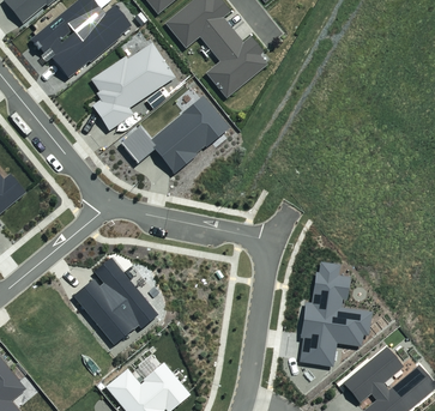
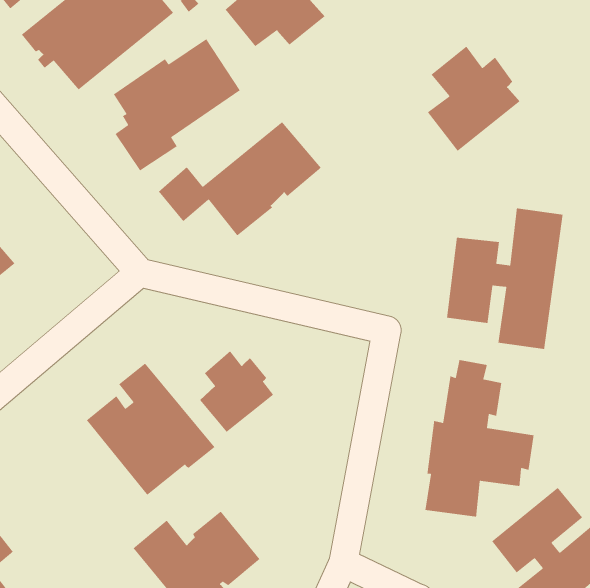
building: [206,30,268,101] -> [427,46,520,152]
building: none -> [446,208,563,350]
building: none -> [199,350,274,433]

